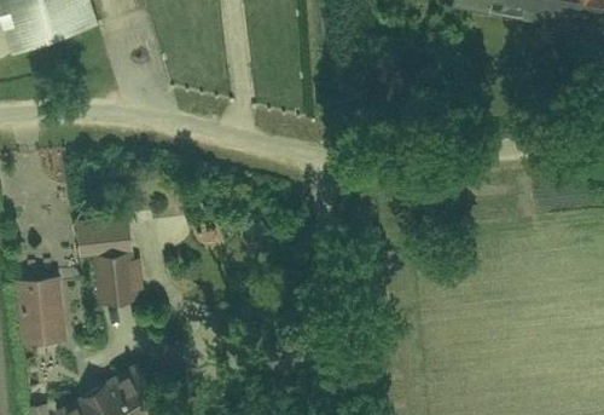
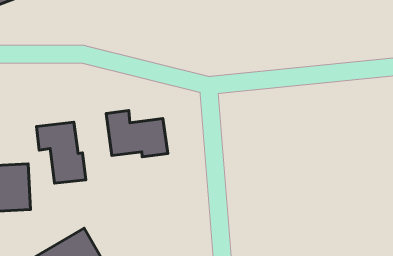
building: none -> [106,110,168,157]

